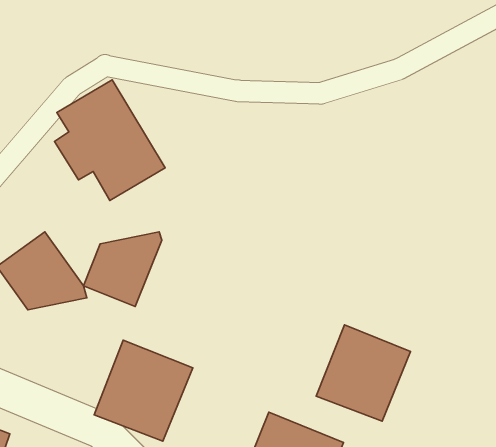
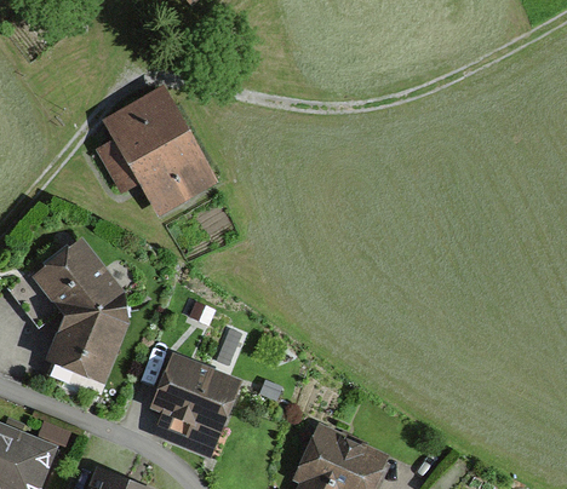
building: [83,232,162,306] -> [56,309,134,384]
building: [316,325,411,421] -> none

